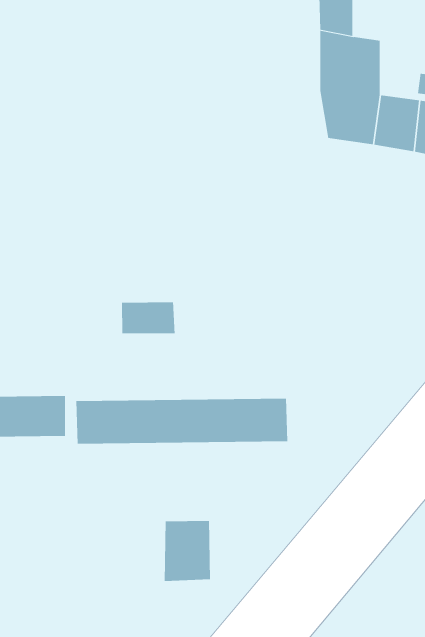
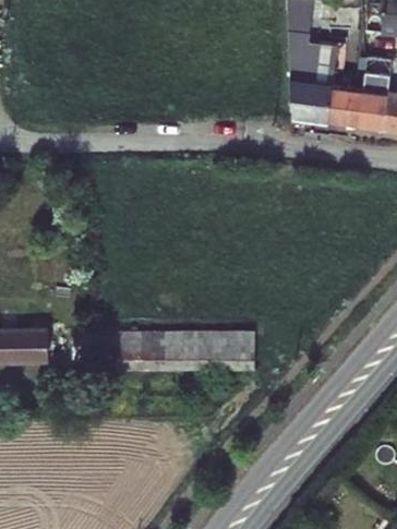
building: [121,301,175,334] -> none
building: [164,520,210,582] -> none

